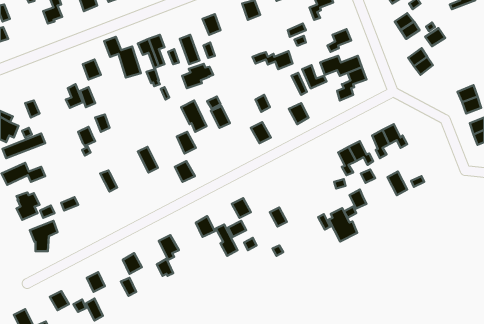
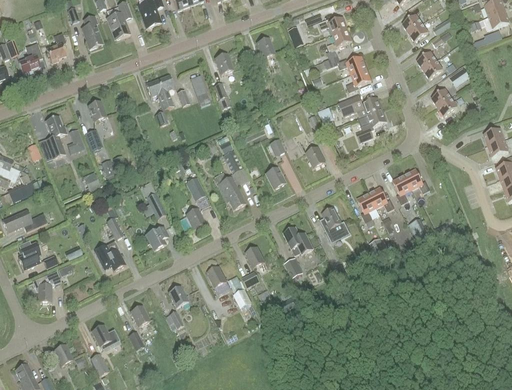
building: none -> [19,42,42,75]
building: [104,37,141,78] -> none
building: [253,51,292,69] -> [324,55,366,74]
building: [182,64,213,88] -> none
building: none -> [46,115,68,157]
building: [181,100,207,132] -> [218,176,245,209]
building: none -> [140,224,169,249]
building: none -> [283,226,313,254]
building: none -> [95,241,126,270]
building: [329,208,357,241] -> [320,207,350,242]

